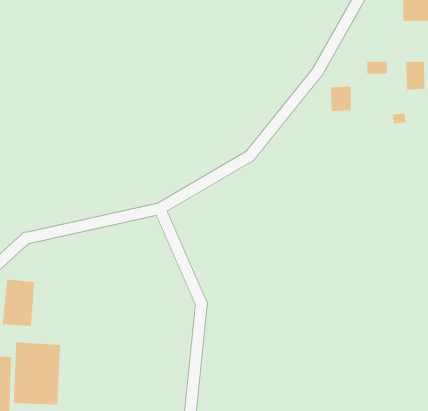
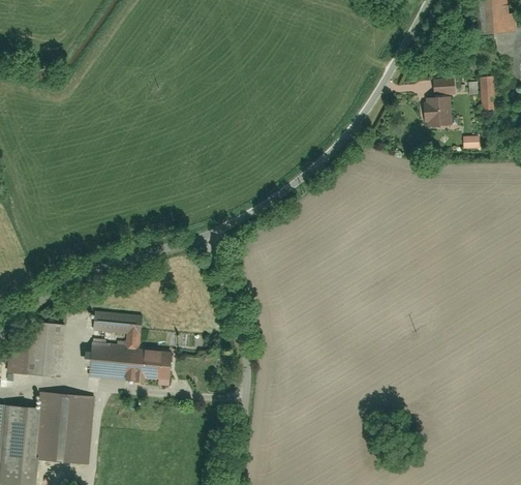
building: [330,86,351,112] -> [425,97,449,126]
building: none -> [89,310,168,383]

